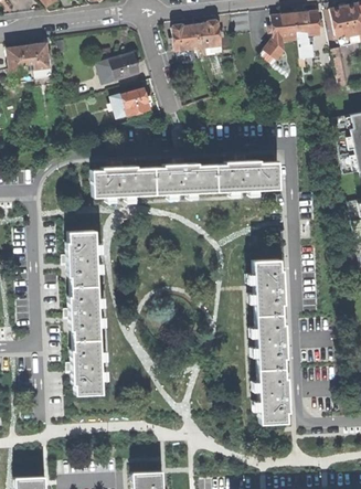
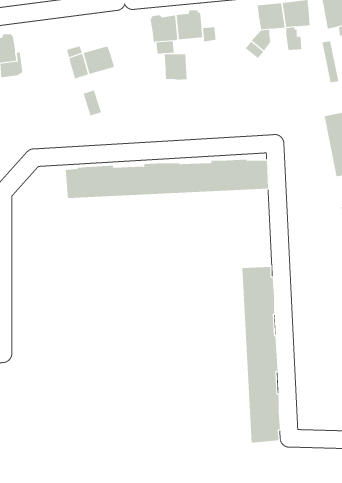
building: none -> [164,54,187,80]
building: [120,87,150,116] -> none
building: [68,230,105,392] -> none

